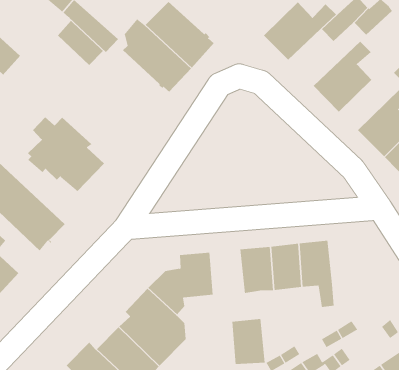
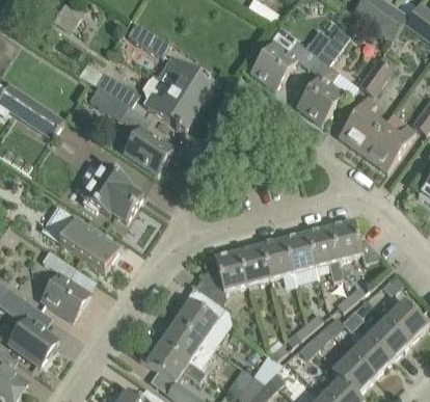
building: none -> [120,122,172,173]
building: none -> [329,219,383,263]
building: [232,319,266,364] -> [238,244,270,284]

